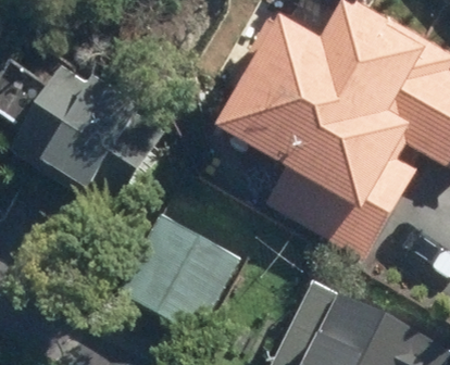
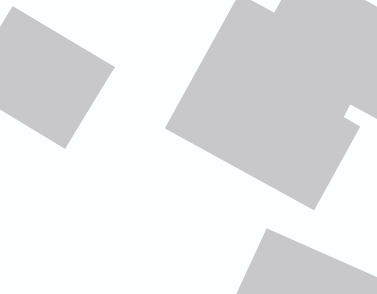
building: [136,218,243,337] -> none

